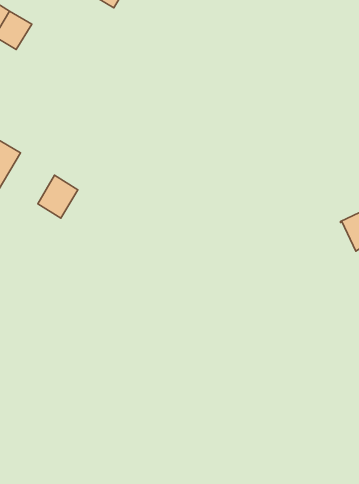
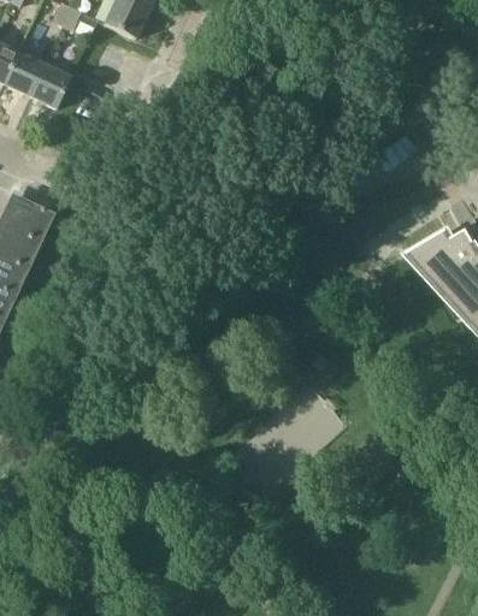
building: none -> [30,66,70,108]
building: [38,175,78,218] -> none

